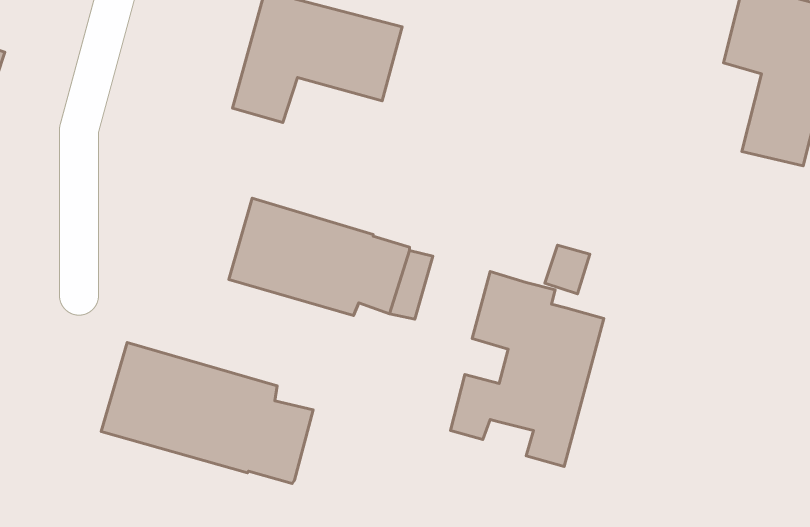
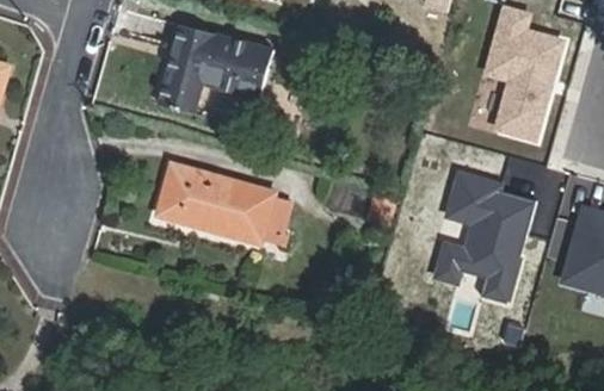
building: [450,272,604,467] -> [431,172,532,300]
building: [101,343,313,483] -> none

